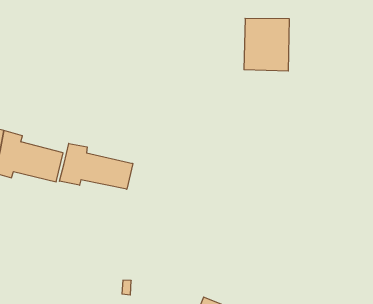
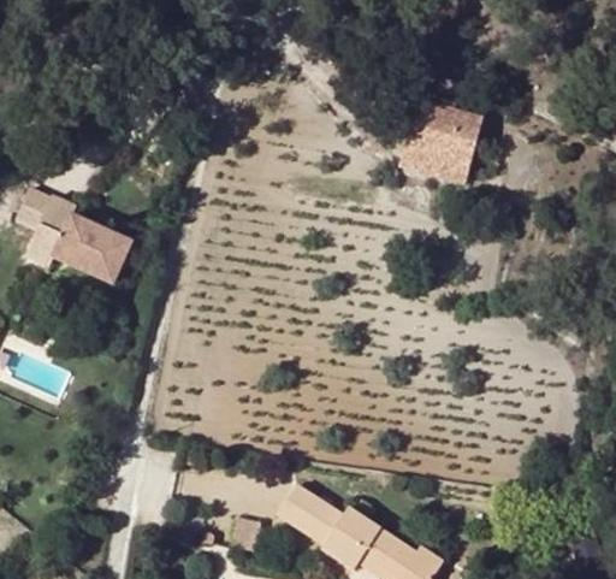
building: [59,143,133,189] -> none

